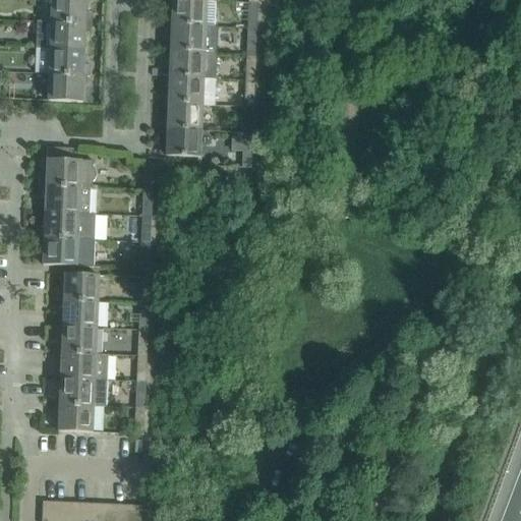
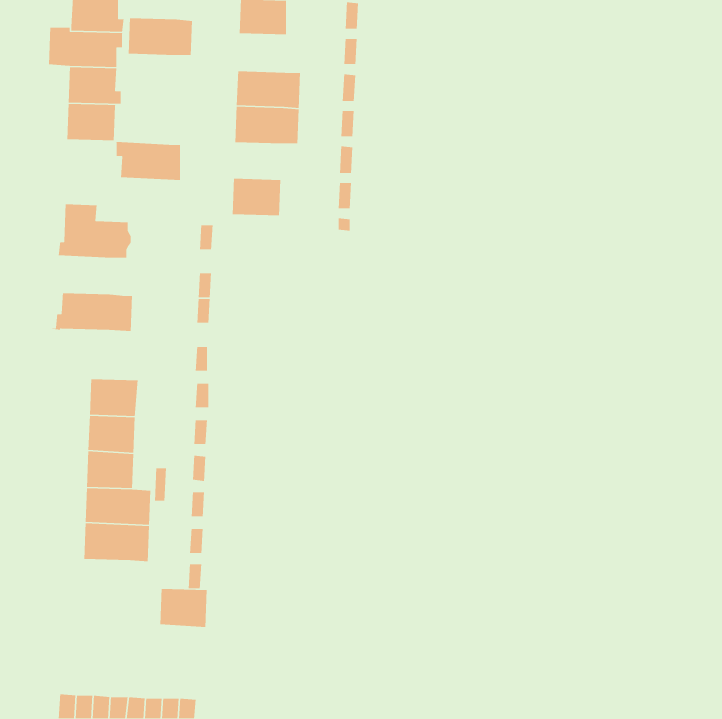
building: [171,24,218,52] -> [128,18,193,56]
building: [168,103,204,129] -> none
building: [38,184,89,213] -> [110,141,181,181]
building: [43,237,95,266] -> none
building: [59,403,94,431] -> [159,588,207,628]

